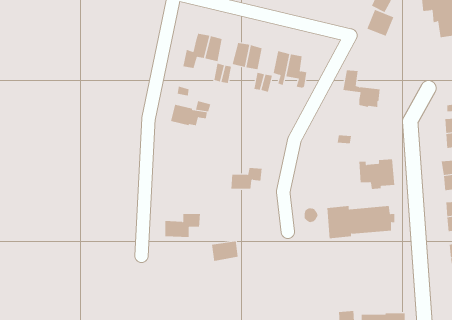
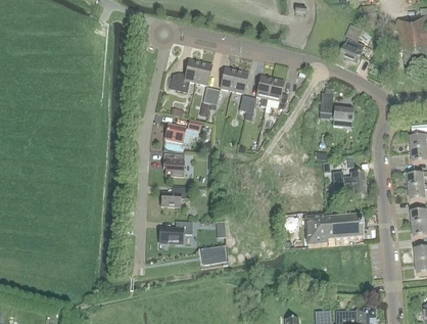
building: none -> [162,152,184,176]
building: [230,167,262,189] -> [160,186,189,205]

